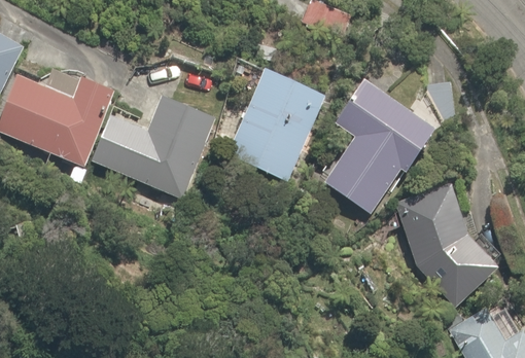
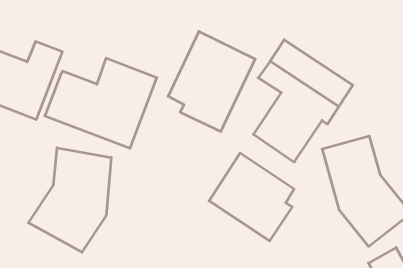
building: none -> [28,148,111,252]
building: none -> [209,153,294,241]

